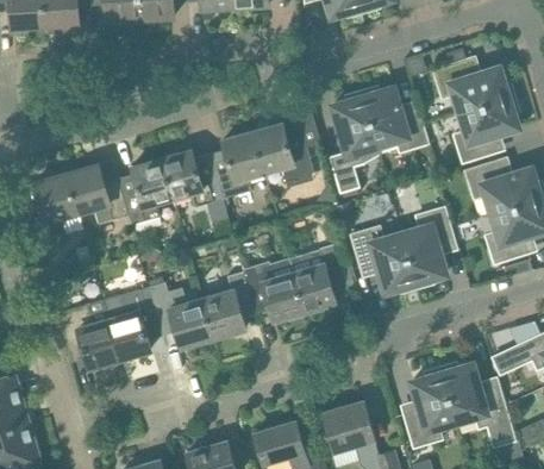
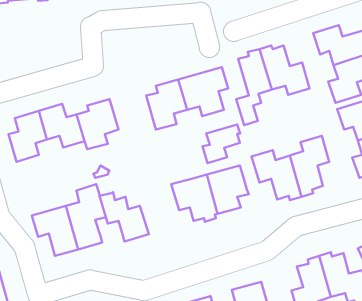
building: [161,150,223,208] -> none
building: none -> [203,124,240,163]
building: [201,271,254,338] -> none

